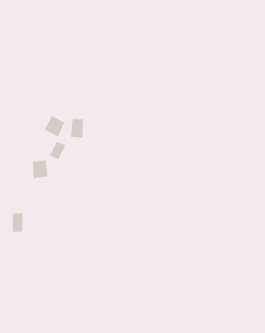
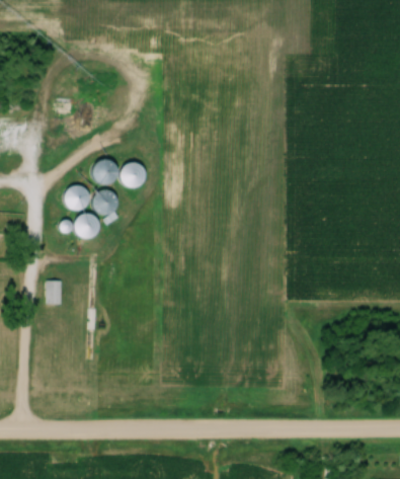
building: none -> [61,184,87,211]

